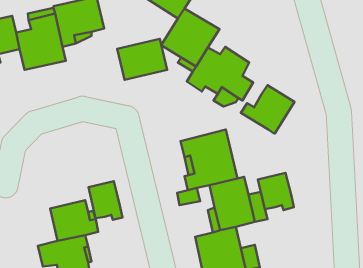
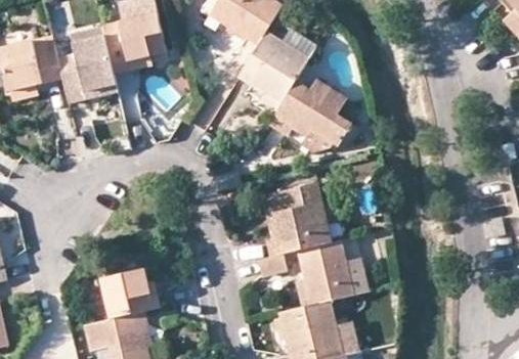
building: [117,39,167,80] -> none
building: [241,85,295,134] -> none
building: [258,173,294,210] -> none
building: [89,181,123,220] -> none

